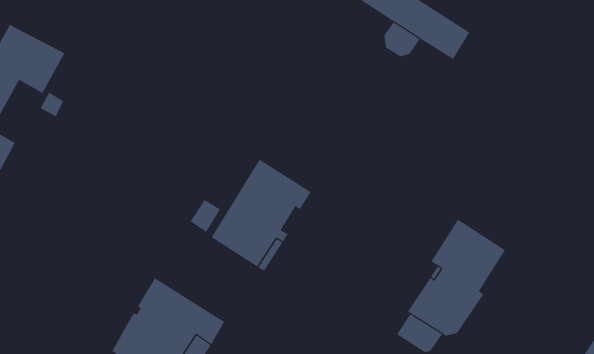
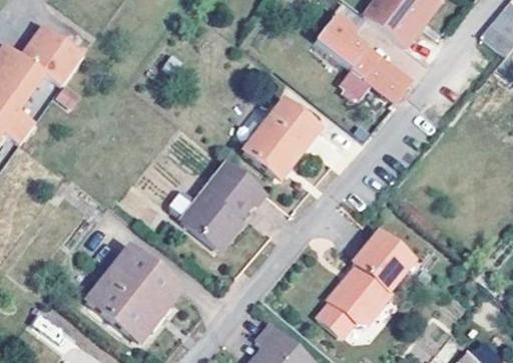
building: none -> [242,99,319,173]

